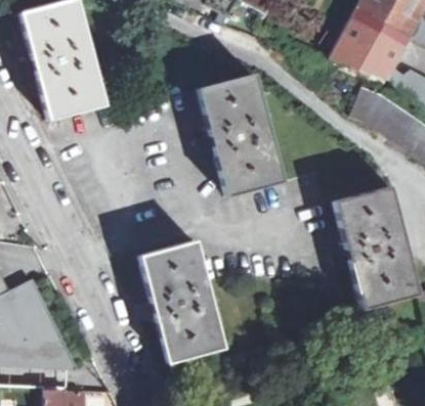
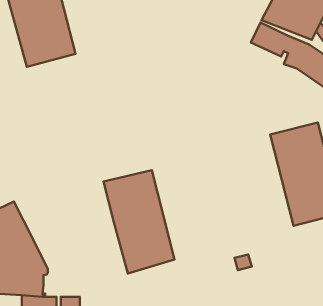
building: [198,73,284,195] -> none

